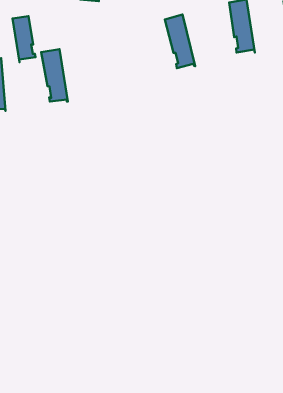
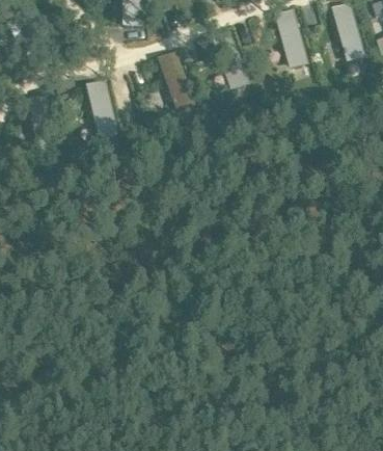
building: [12,16,35,62] -> none
building: none -> [157,51,191,107]

